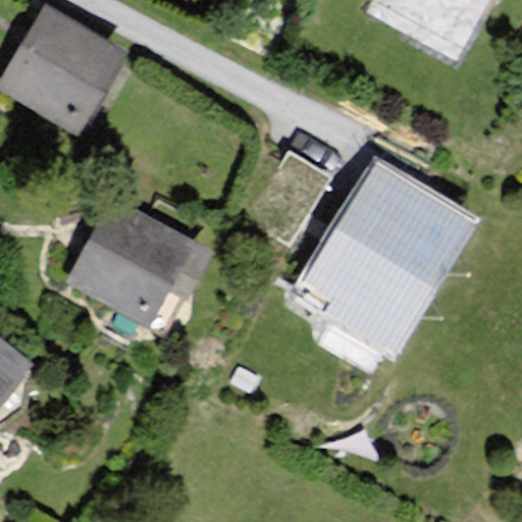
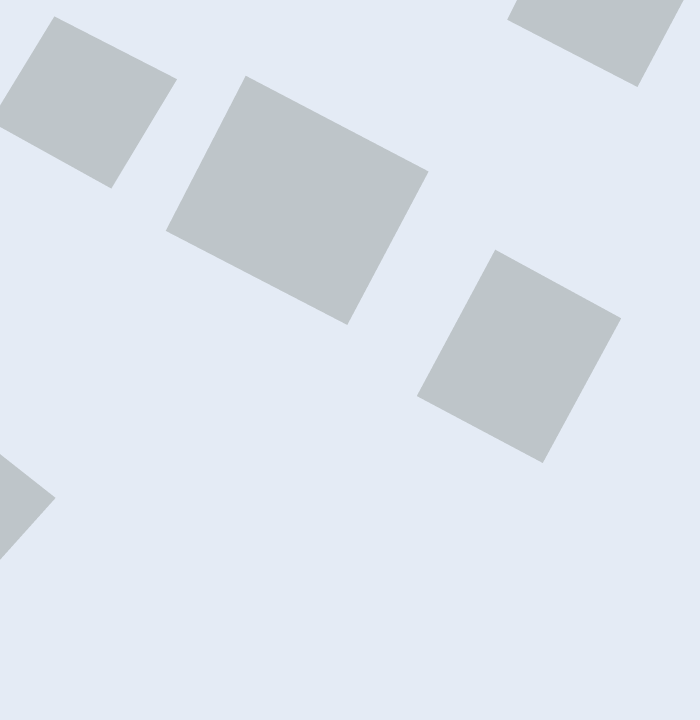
building: none -> [165,75,429,326]
building: [65,194,219,330] -> none

